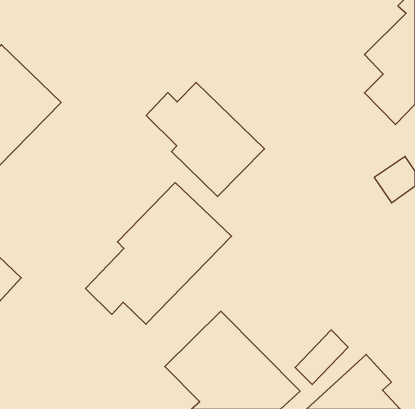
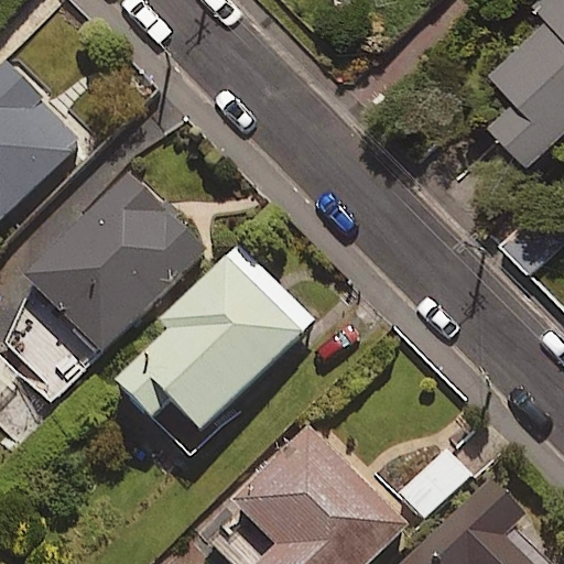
building: [146,82,265,197] -> none
building: none -> [21,174,204,356]

